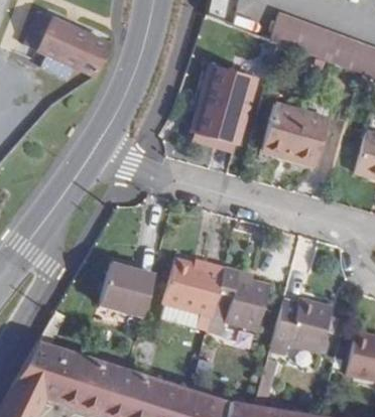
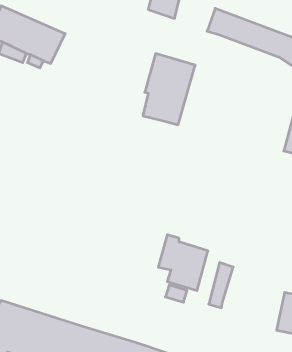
building: [262,105,328,165] -> none
building: [162,258,225,315] -> none
building: [101,263,155,315] -> none
building: [286,297,333,352] -> none

